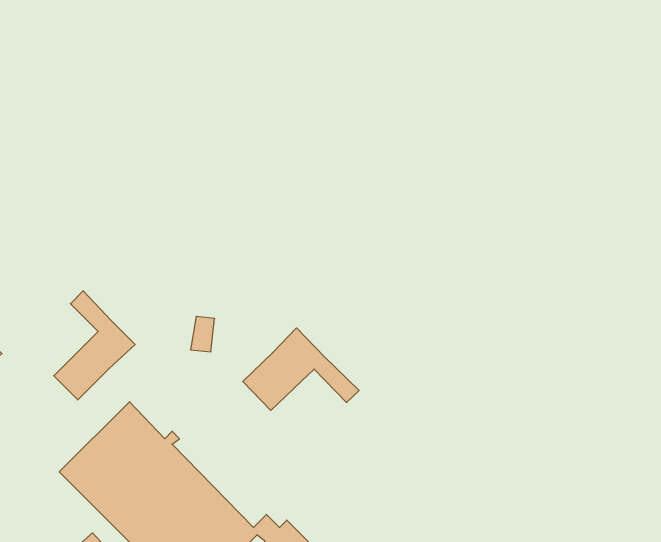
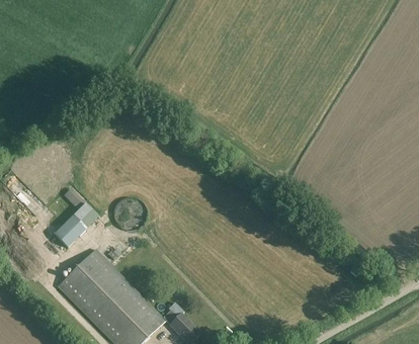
building: [243,328,359,410] -> none

